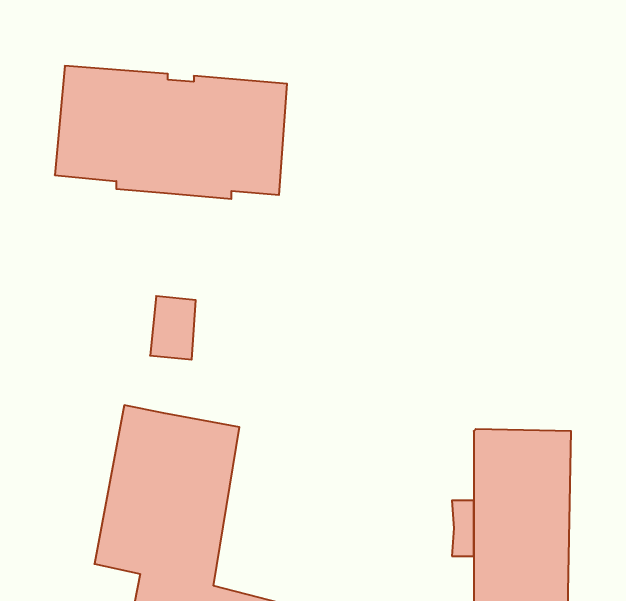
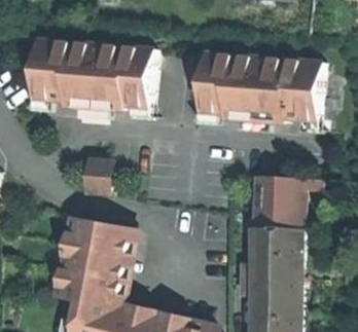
building: none -> [201,52,321,121]
building: none -> [251,177,302,228]

